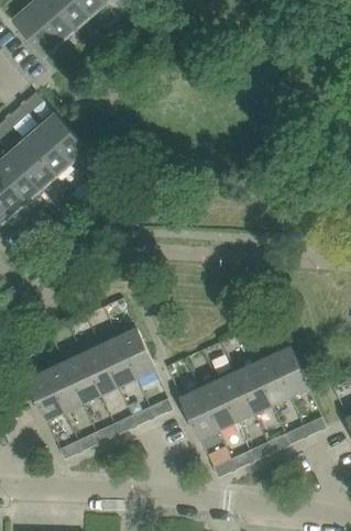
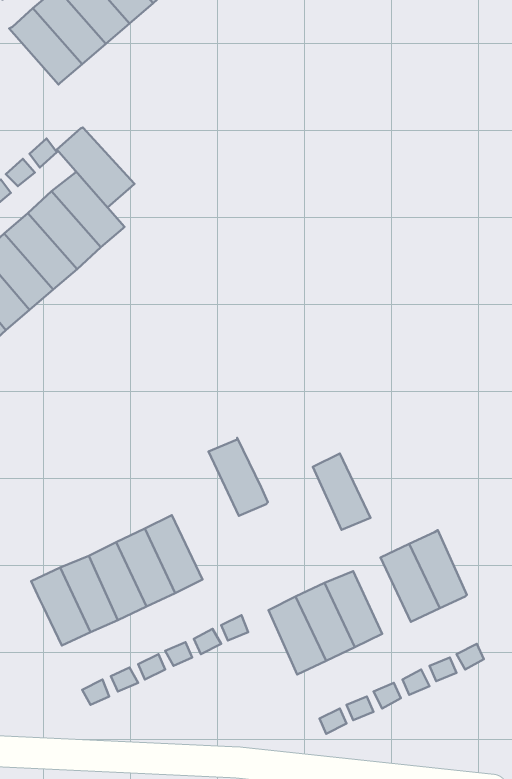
building: none -> [57,128,134,208]
building: [118,327,156,377] -> [208,438,268,516]
building: [235,363,273,412] -> [313,453,370,530]

